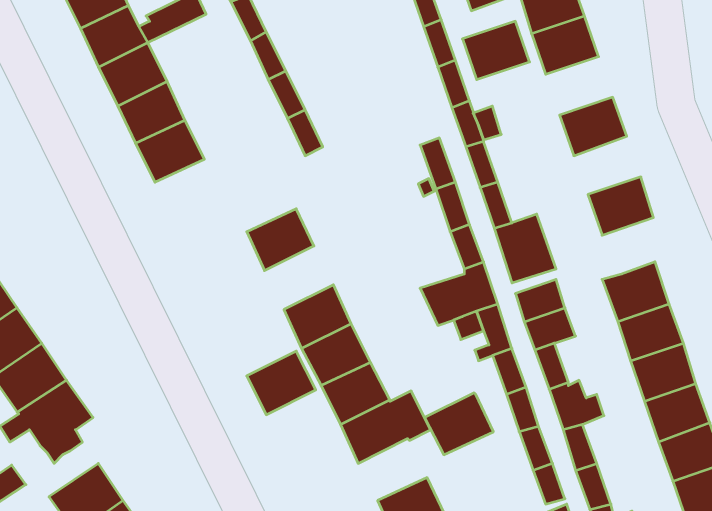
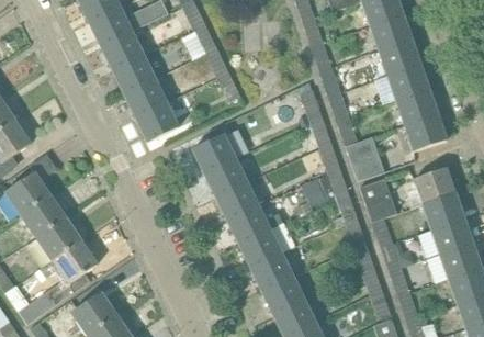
building: [462,21,530,80] -> [378,38,419,75]
building: none -> [395,88,437,124]
building: none -> [135,102,177,141]
building: [247,351,316,415] -> [203,156,246,195]
building: [425,393,493,455] -> [261,276,304,314]

